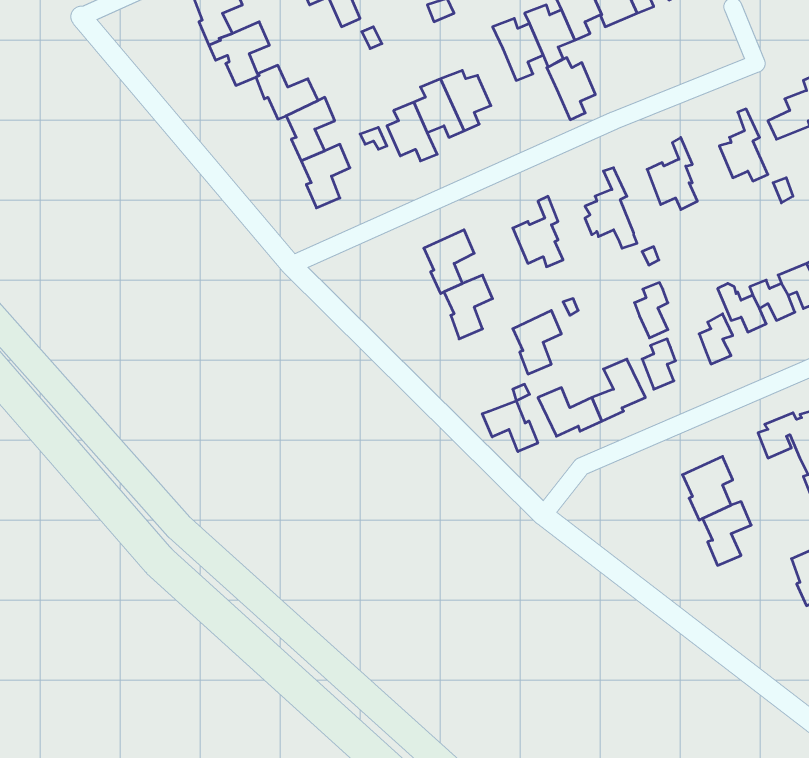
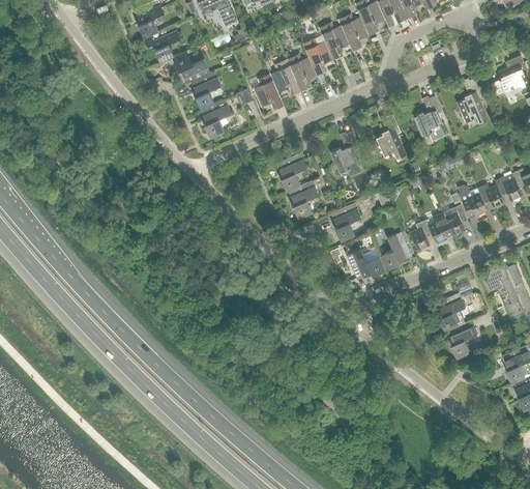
building: [547,58,595,120] -> [303,37,333,76]
building: [634,283,668,338] -> [429,212,449,247]
building: [482,401,538,452] -> none

